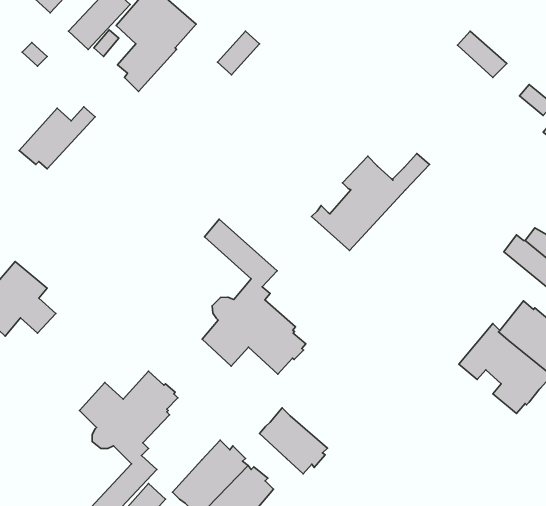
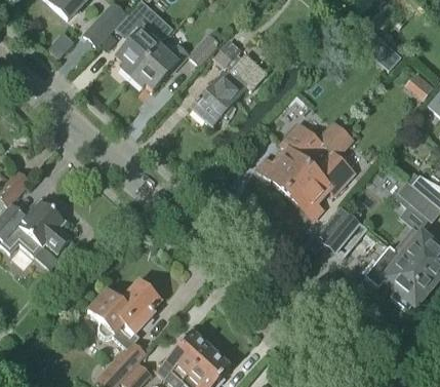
building: none -> [192,39,267,125]
building: [19,107,95,169] -> [131,44,187,89]
building: none -> [285,129,356,209]
building: [202,219,306,374] -> none
building: none -> [315,206,360,253]
building: [259,408,327,474] -> none

